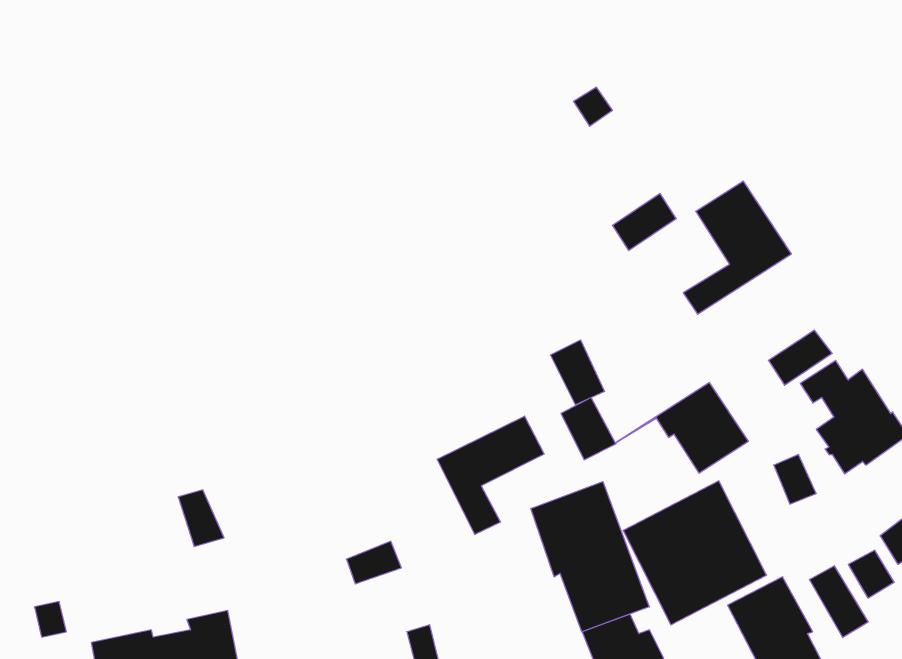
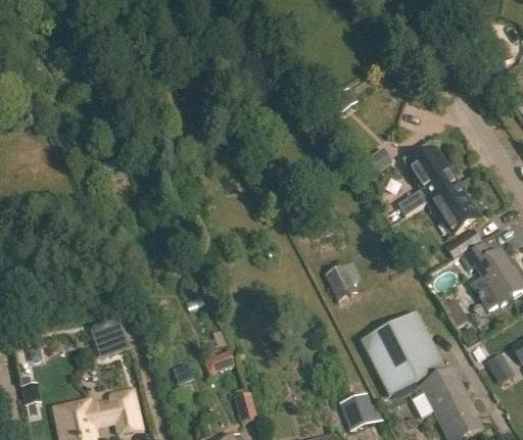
building: [550,340,604,405] -> none
building: [615,383,748,473] -> [403,183,480,235]
building: [437,416,544,535] -> none
building: [531,482,649,632] -> none
building: [809,566,868,638] -> none

